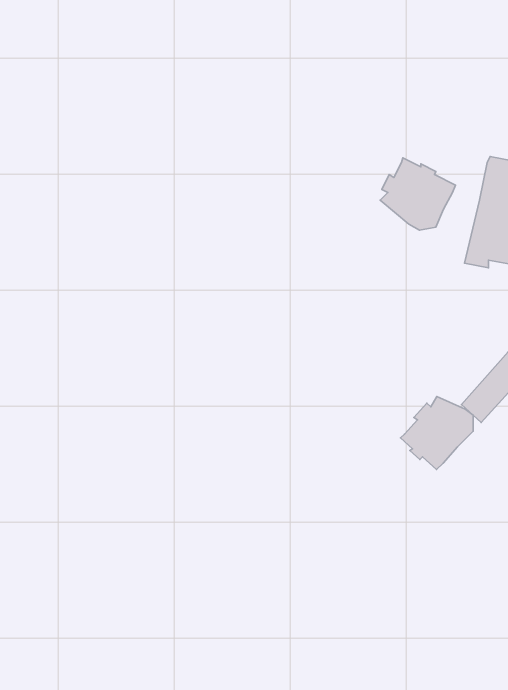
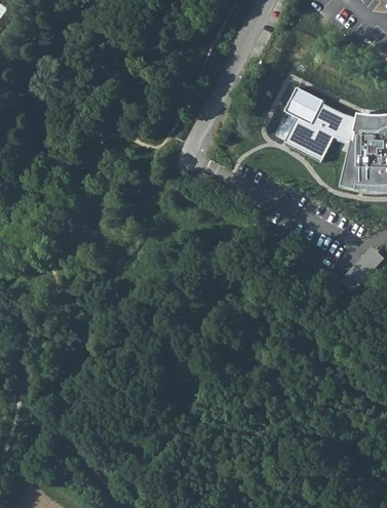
building: none -> [286,87,358,144]
building: [401,397,473,470] -> none

